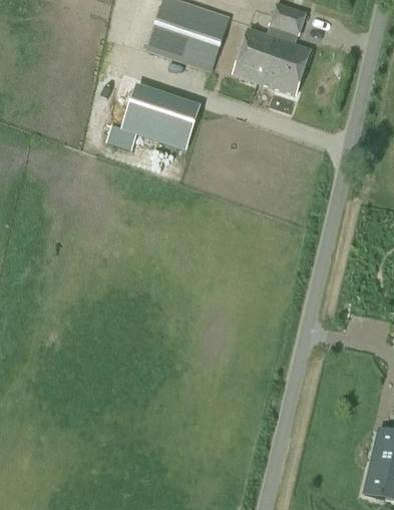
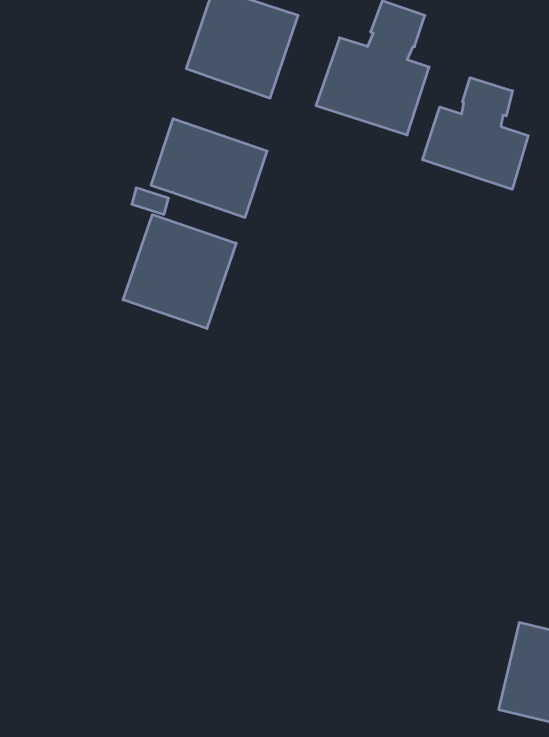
building: none -> [423,78,528,189]
building: none -> [123,215,236,329]

